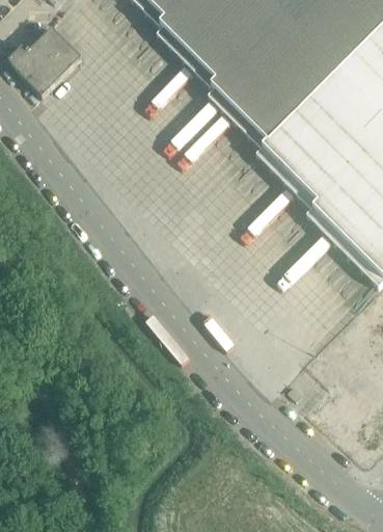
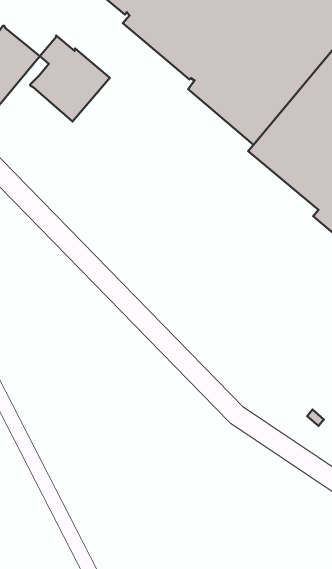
building: none -> [30,35,110,122]

